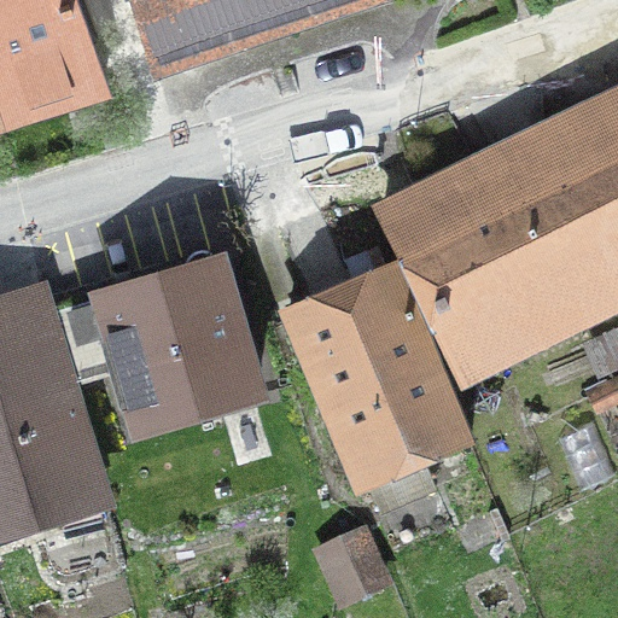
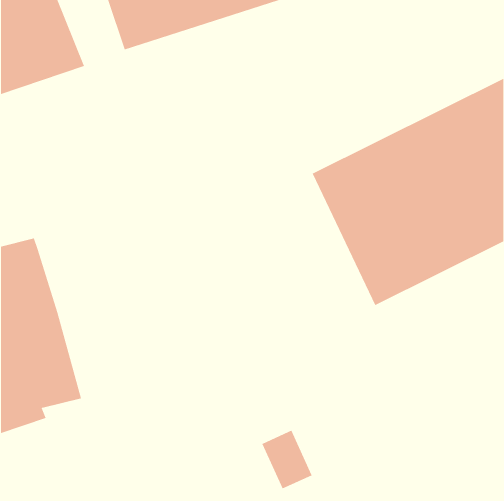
building: [47,249,256,426] -> none
building: [286,272,470,486] -> none

